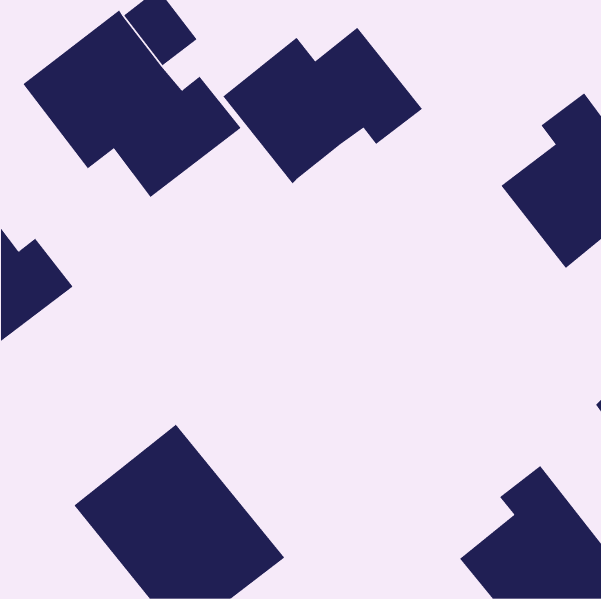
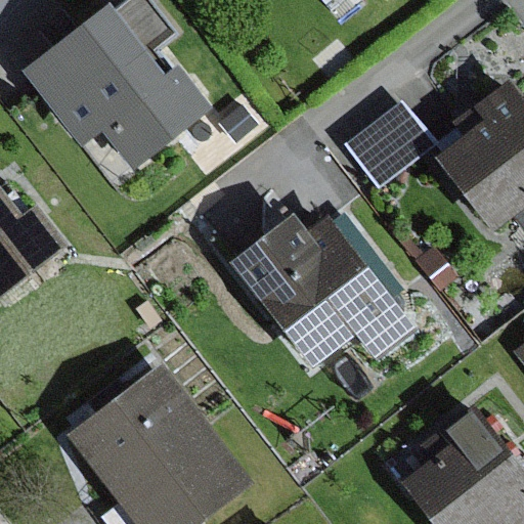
building: [223,27,423,184] -> none
building: none -> [347,99,436,186]
building: none -> [231,216,416,366]

